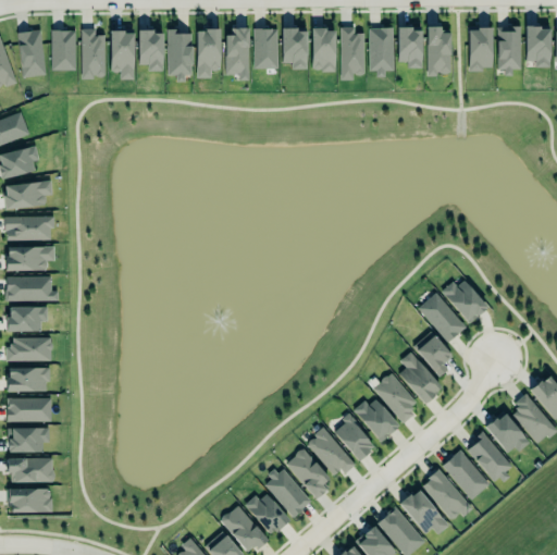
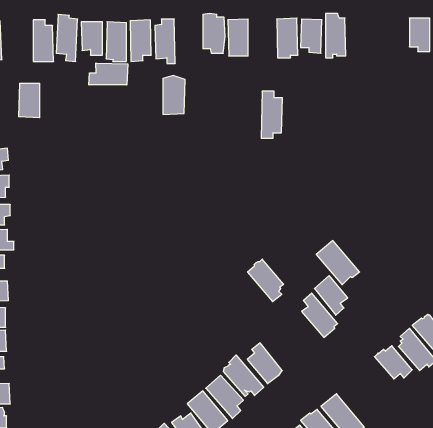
building: [253,23,280,69] -> [163,76,185,114]
building: [339,24,364,79] -> [261,91,282,138]
building: [498,26,522,73] -> none
building: [469,28,494,70] -> none
building: [52,30,77,71] -> [19,83,40,118]
building: none -> [89,63,128,85]
building: [442,281,487,323] -> none
building: [374,373,417,423] -> [248,259,284,302]
building: [354,399,399,442] -> none
building: [466,432,515,484] -> none
building: [443,451,490,499] -> none

